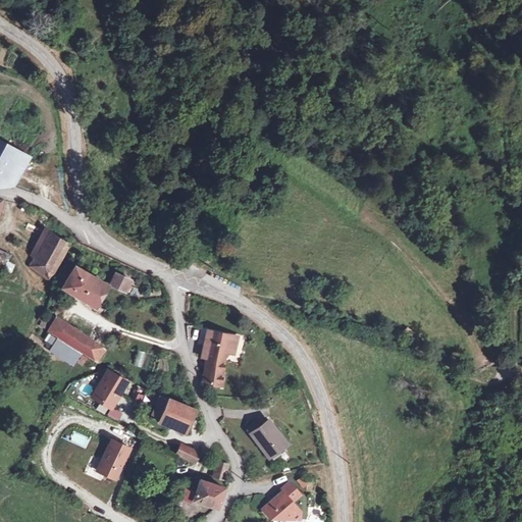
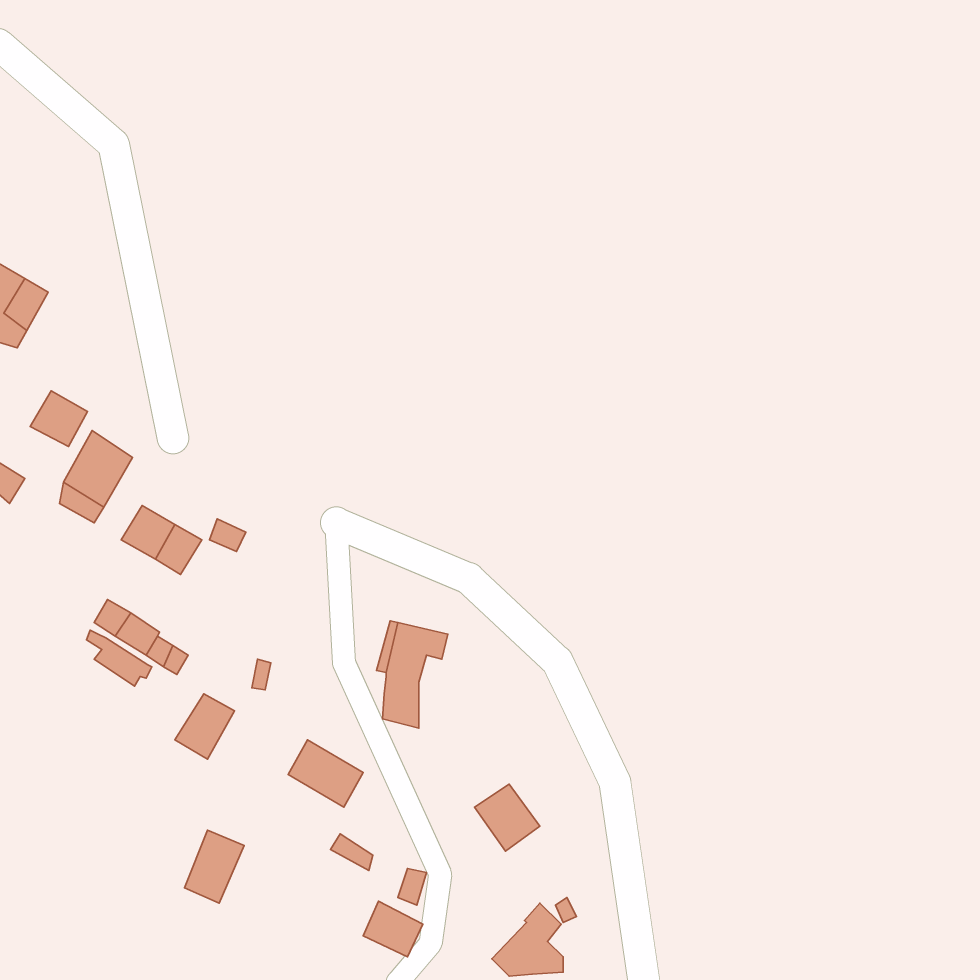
building: none -> [30,391,87,447]

